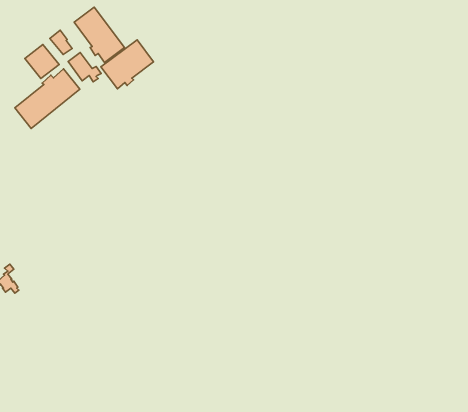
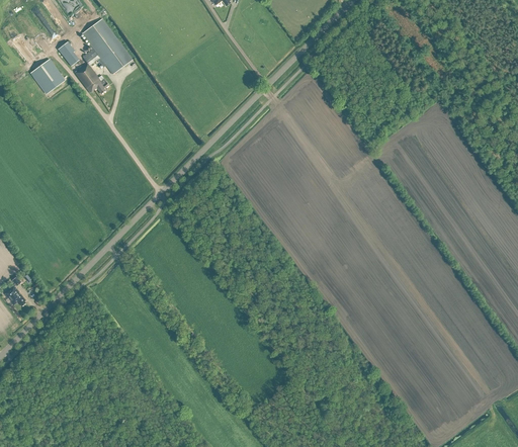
building: [101,40,154,89] -> none
building: [15,69,80,128] -> none

